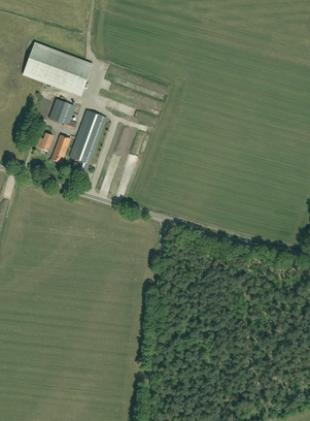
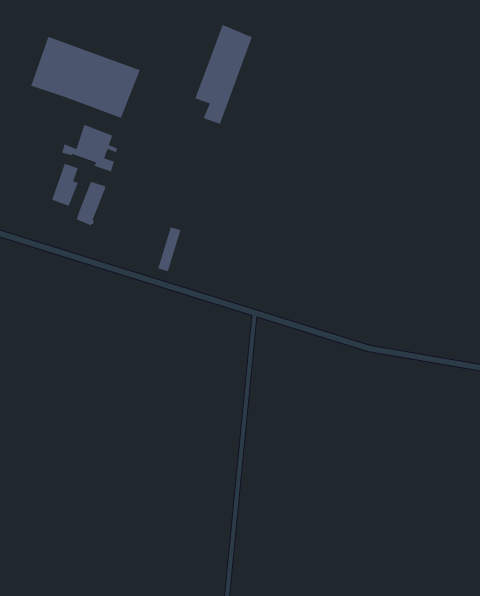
building: [69,109,106,173] -> [194,24,253,125]

